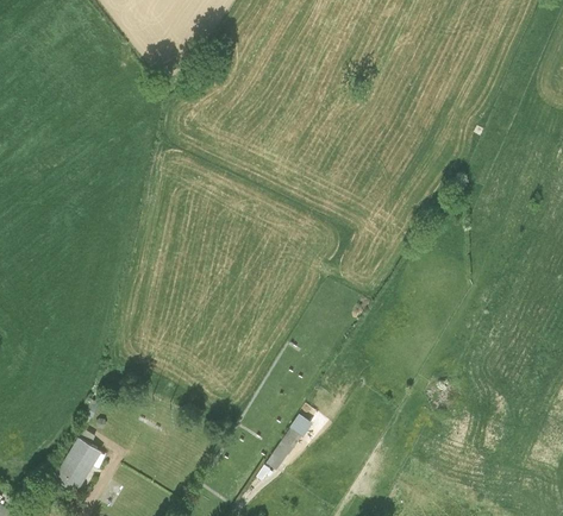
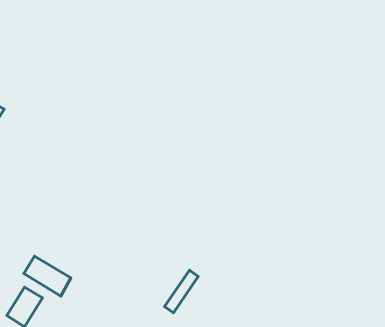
building: none -> [24,256,71,296]

